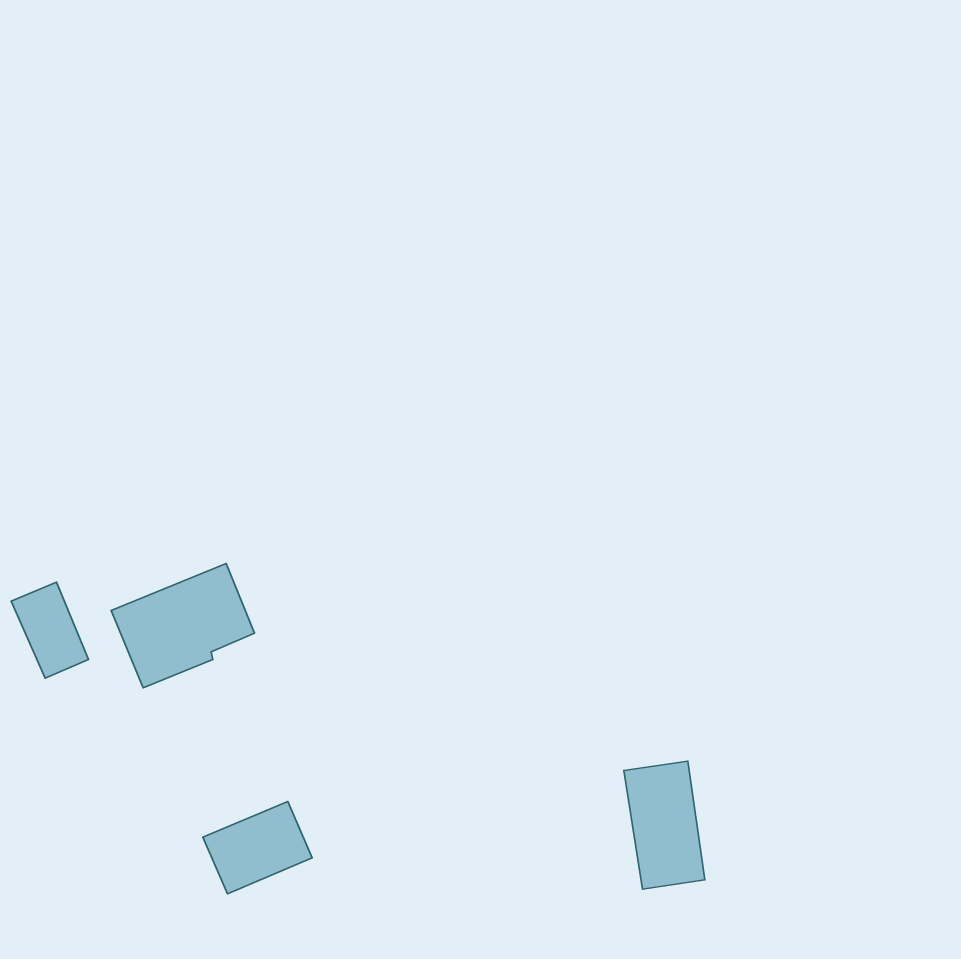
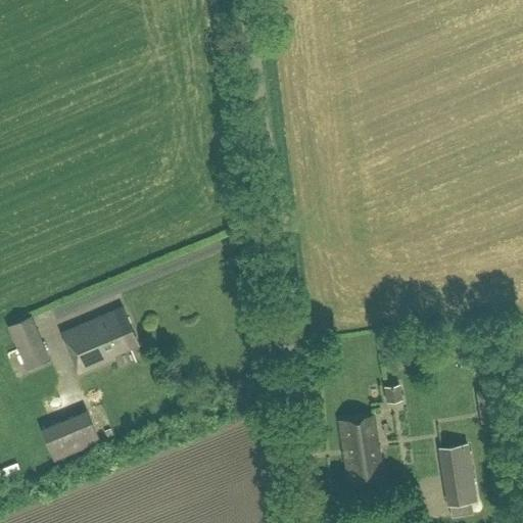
building: [203,801,312,894] -> [41,412,100,462]
building: none -> [438,444,478,507]

